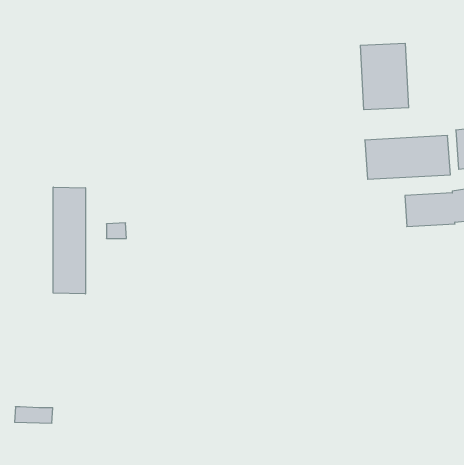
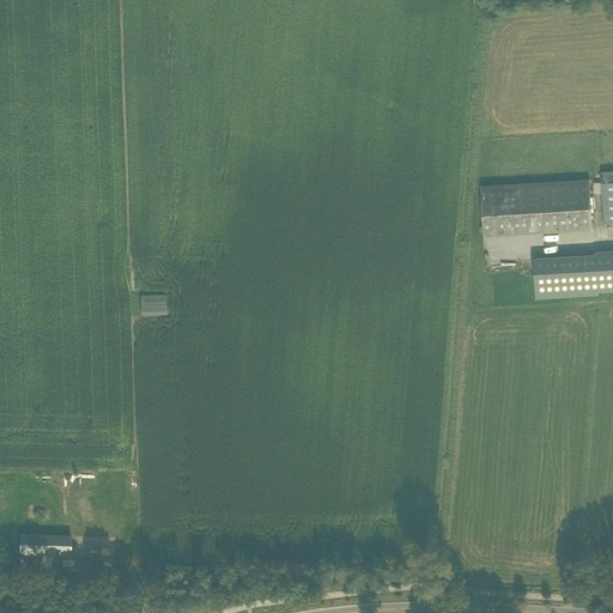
building: [360,43,409,110] -> none
building: [53,187,85,294] -> none

